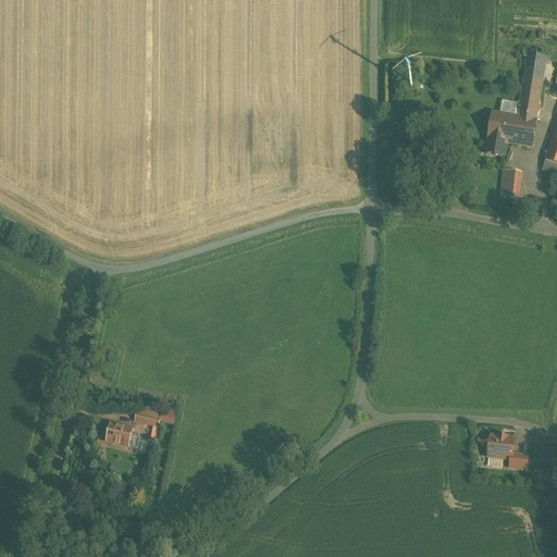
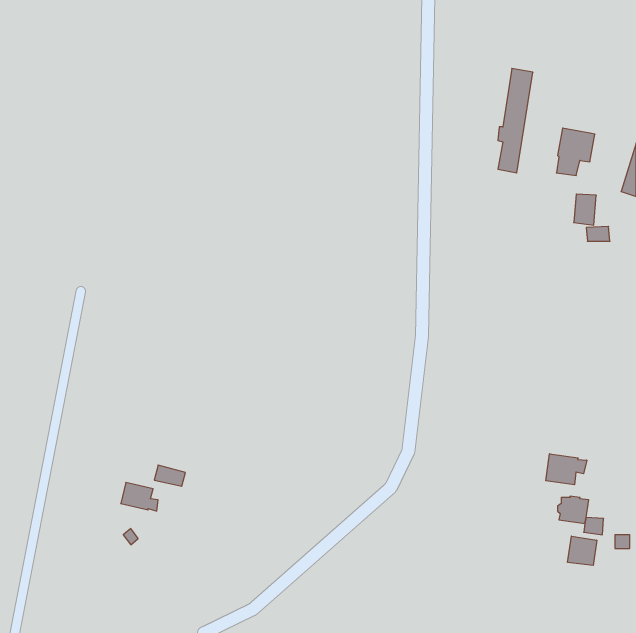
building: [516,53,546,145] -> [498,68,533,173]
building: none -> [546,454,587,485]
building: none -> [568,536,597,565]

